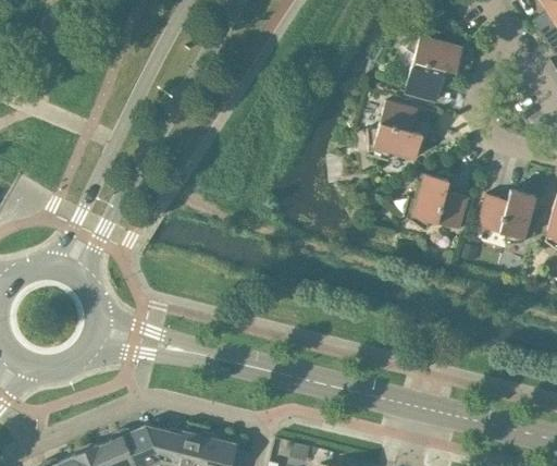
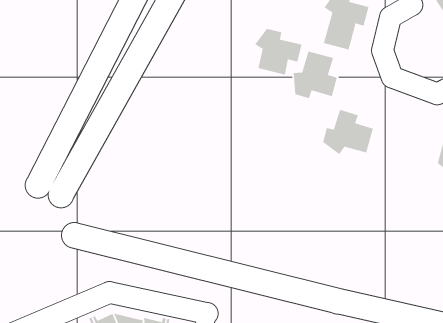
building: none -> [254,28,303,76]
building: [478,189,535,245] -> none

